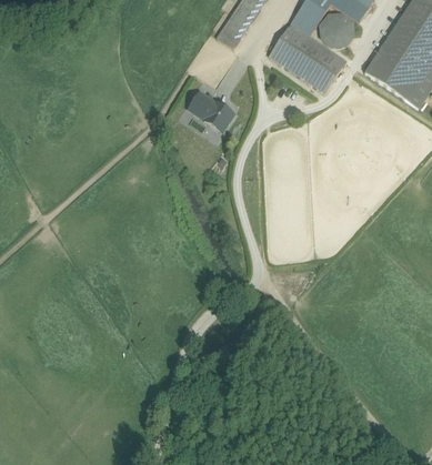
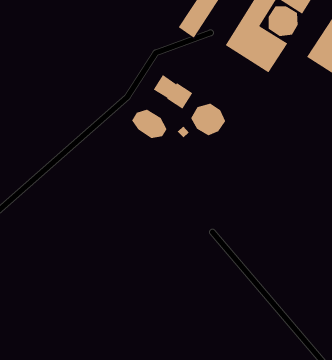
building: none -> [191,103,226,136]
building: none -> [131,109,167,139]

